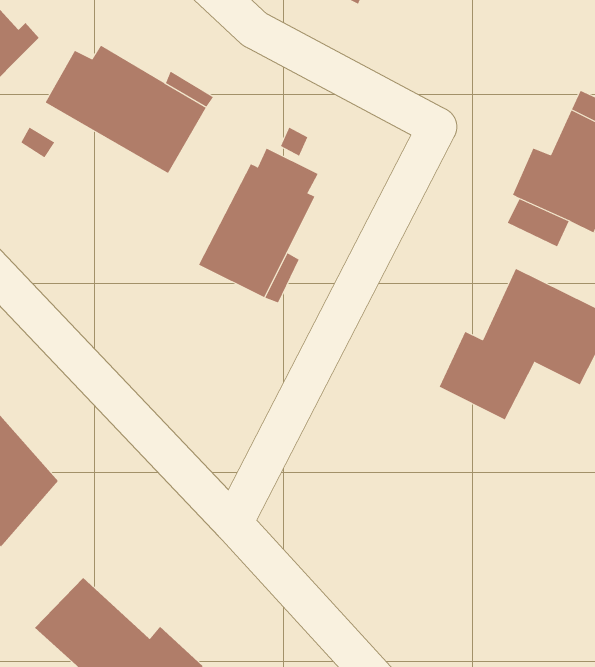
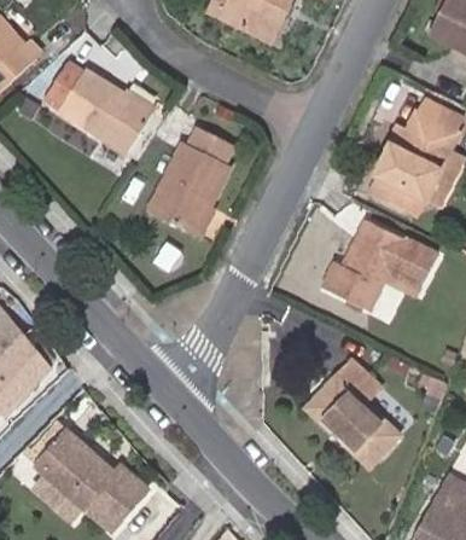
building: none -> [314,350,407,464]

